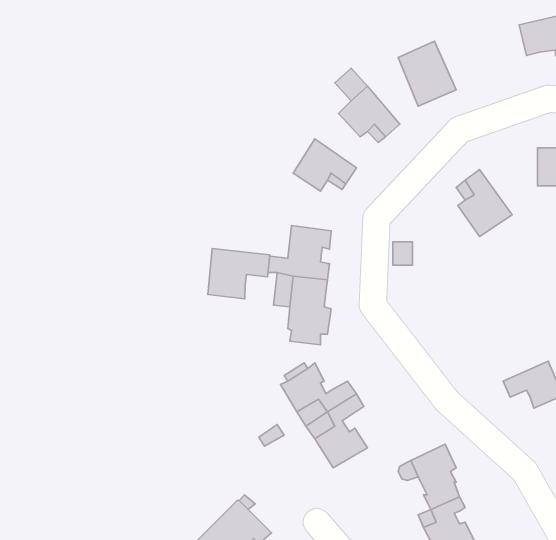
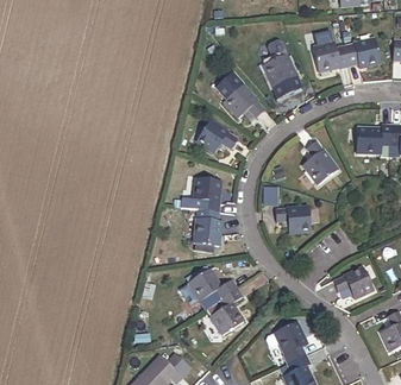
building: none -> [315,40,350,69]
building: [208,248,270,299] -> none
building: none -> [272,204,308,232]

